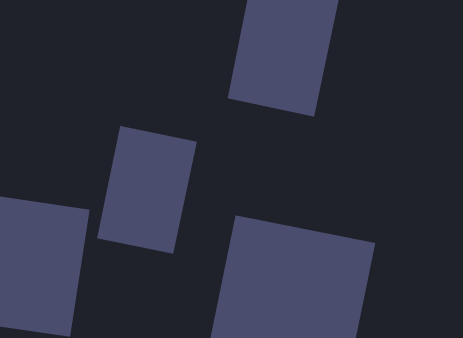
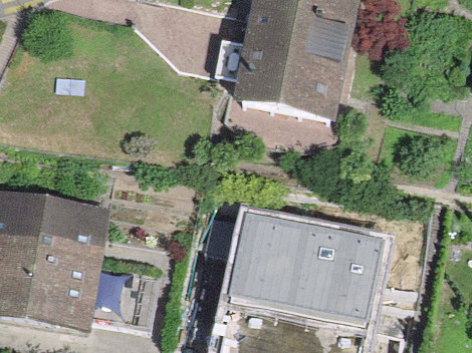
building: [97,125,198,254] -> none

